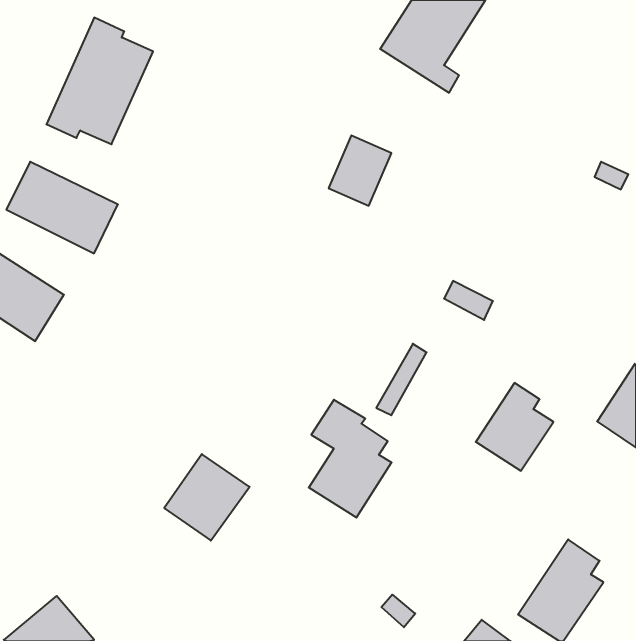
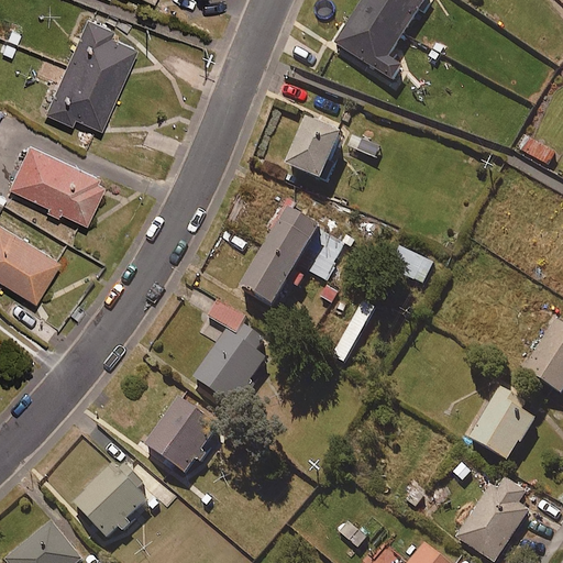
building: none -> [241,209,346,308]
building: [476,383,553,471] -> [467,386,536,463]
building: [309,400,392,518] -> [194,302,266,406]
building: none -> [73,464,147,540]

